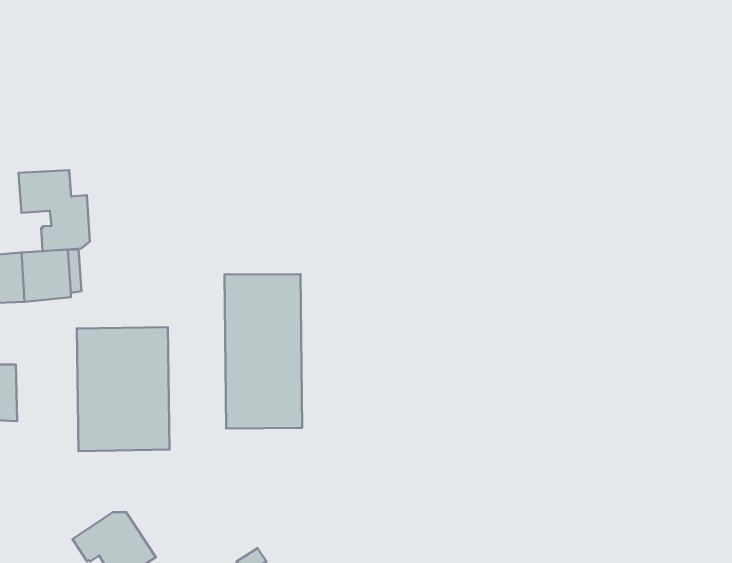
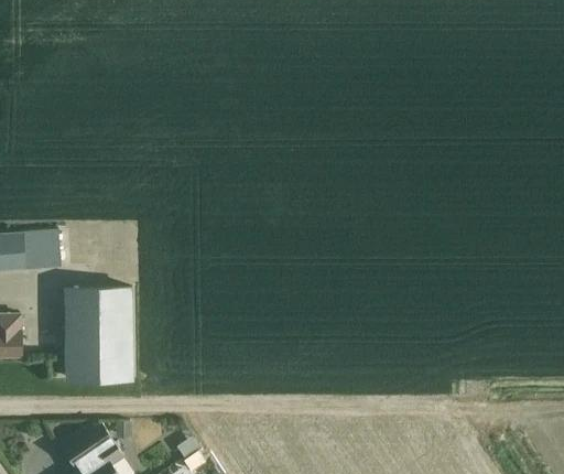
building: [19,170,90,251] -> none
building: [224,274,302,428] -> none

